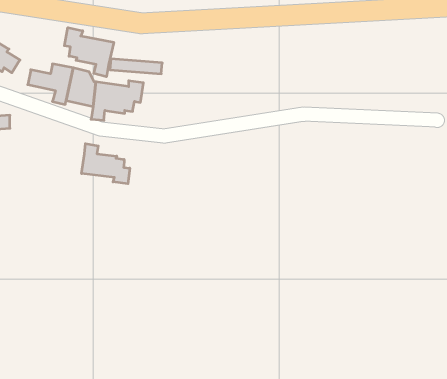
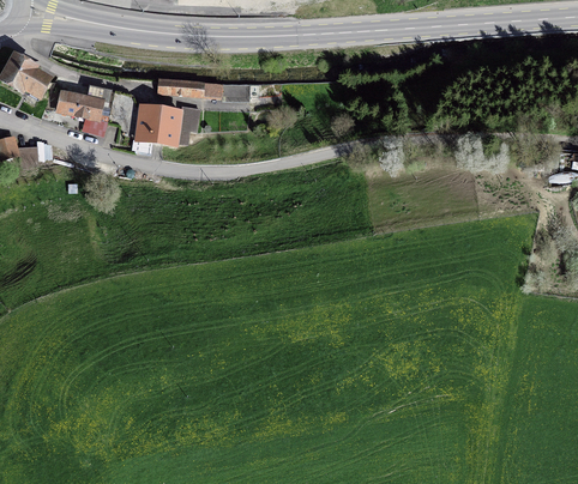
building: [64,28,114,77] -> none
building: [82,144,130,184] -> none

